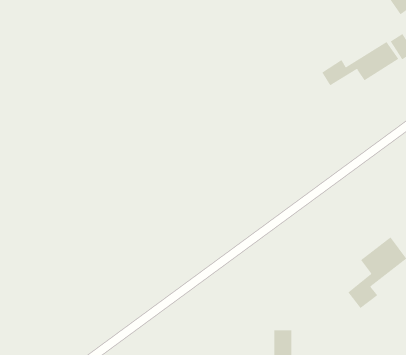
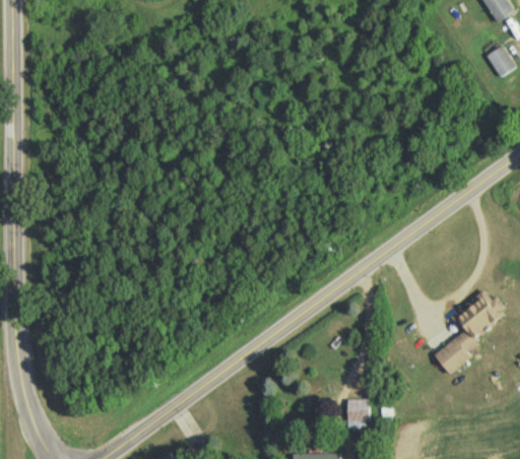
building: [321,41,399,86] -> none

